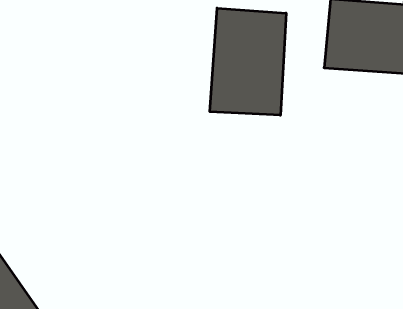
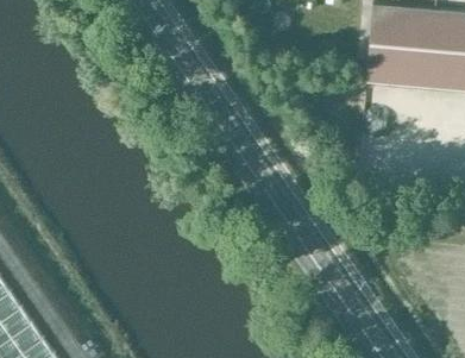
building: [210,8,286,115] -> none

